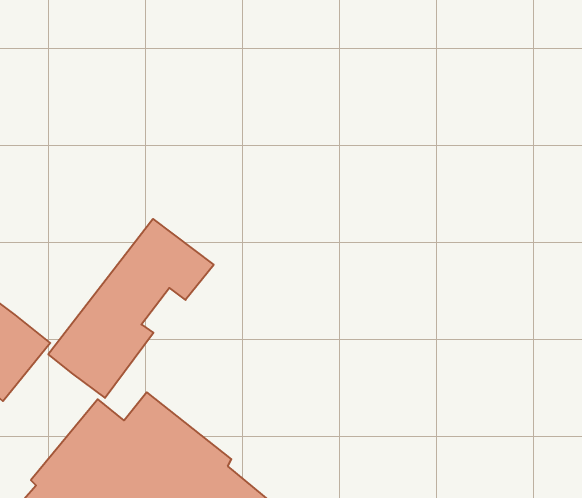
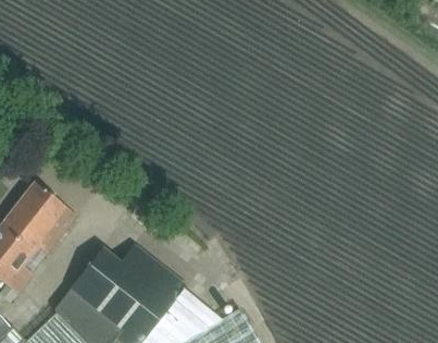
building: [48,219,214,398] -> none

